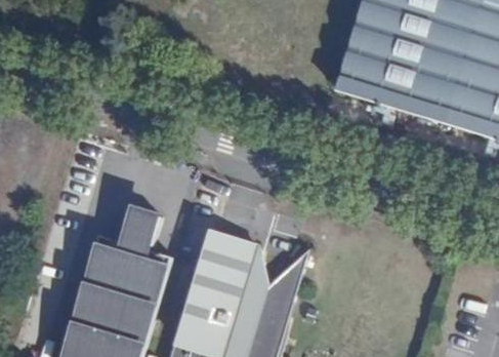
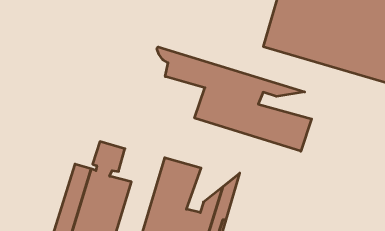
building: none -> [157,47,312,151]

